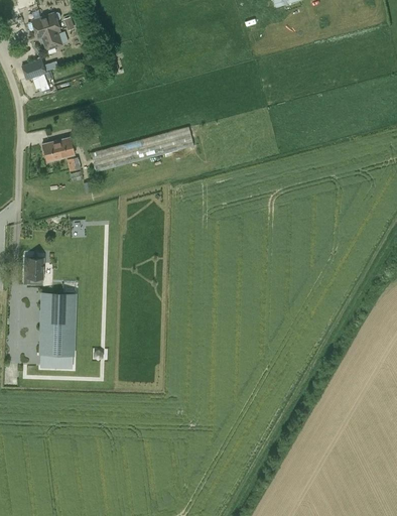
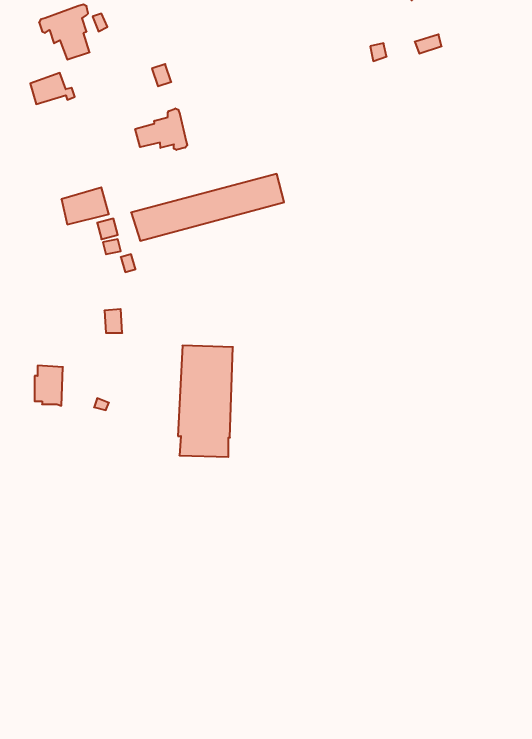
building: none -> [135,108,187,150]
building: [38,292,76,368] -> [178,346,233,457]

